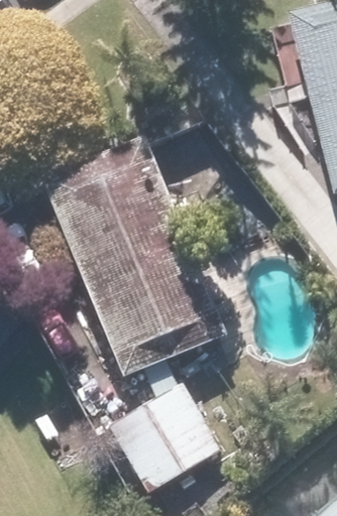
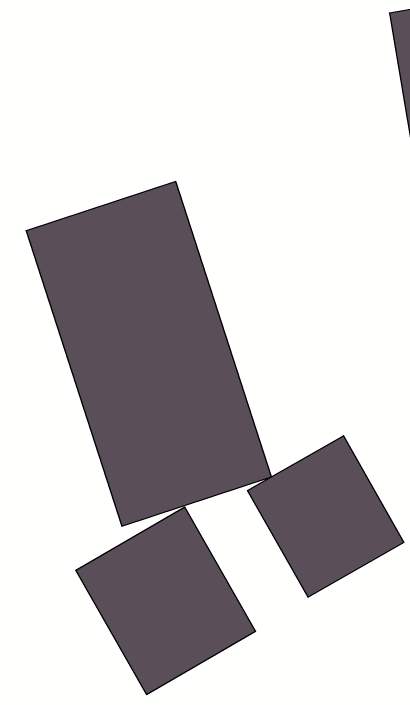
building: none -> [248,436,404,597]

